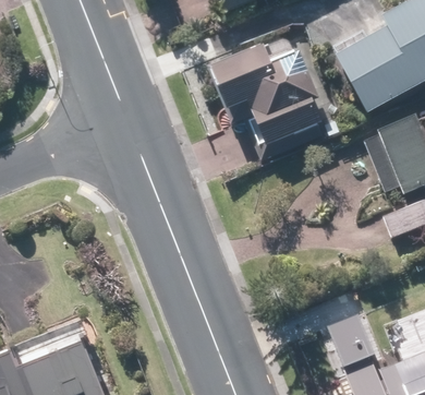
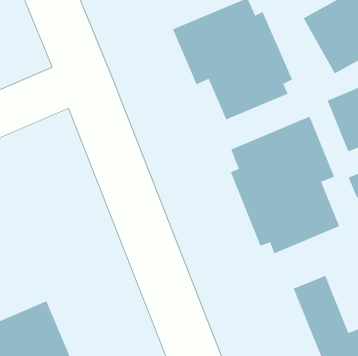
building: none -> [230,116,340,254]

